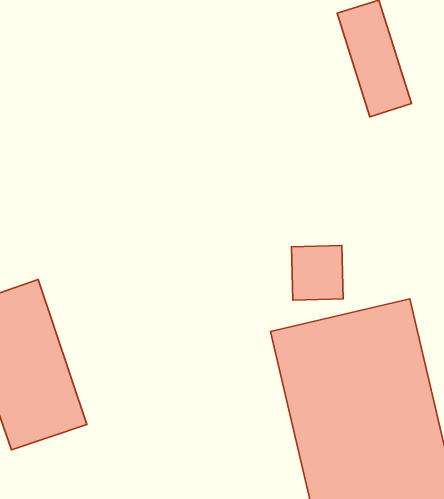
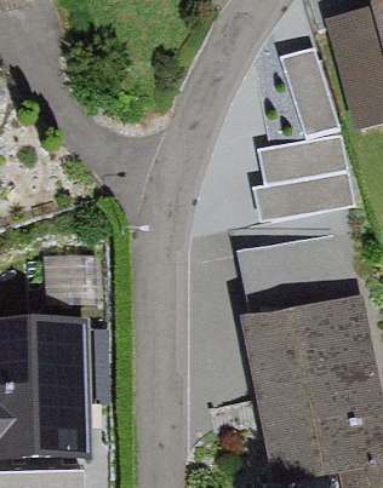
building: none -> [265,142,342,218]

